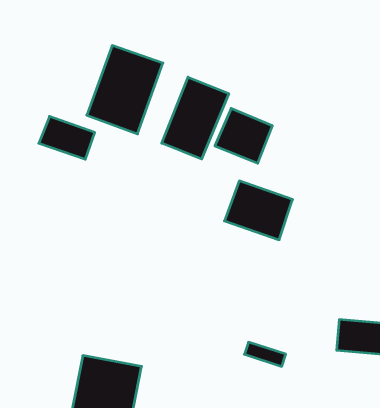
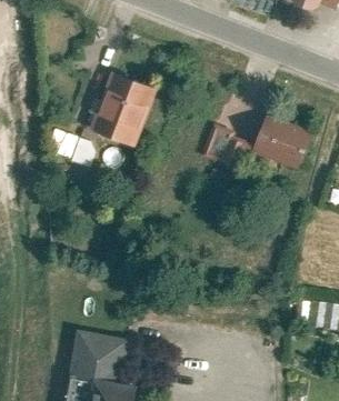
building: [162,77,229,159] -> none
building: [224,181,293,240] -> [249,119,306,168]

